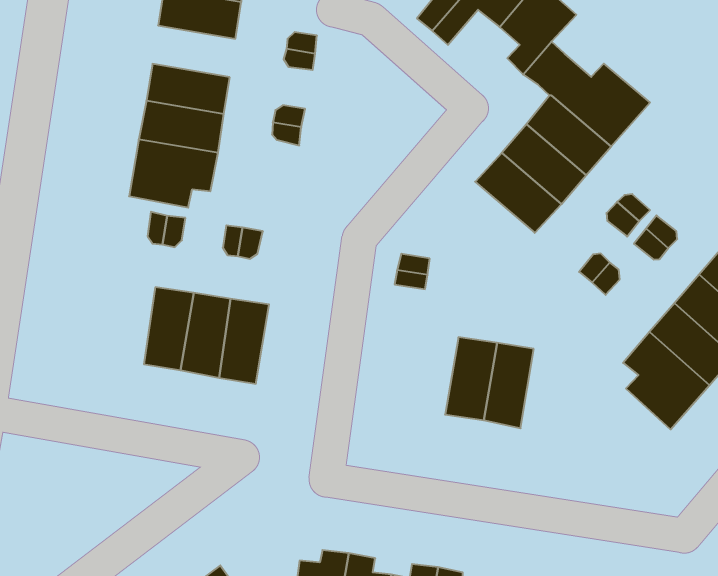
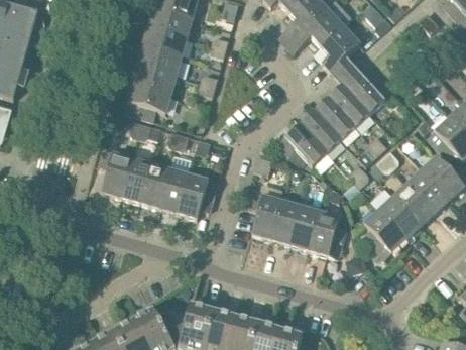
building: none -> [143,26,187,56]
building: none -> [278,123,327,166]
building: none -> [100,150,132,197]
building: none -> [178,173,217,218]
building: none -> [249,193,282,239]
building: none -> [309,211,346,258]

